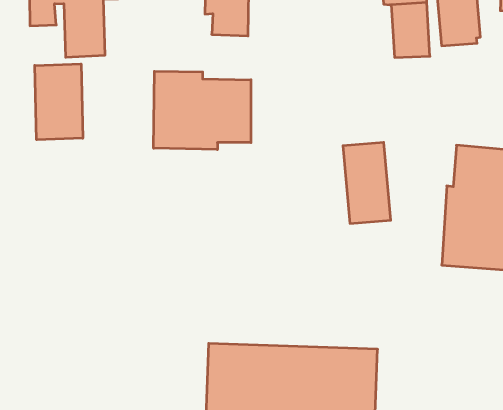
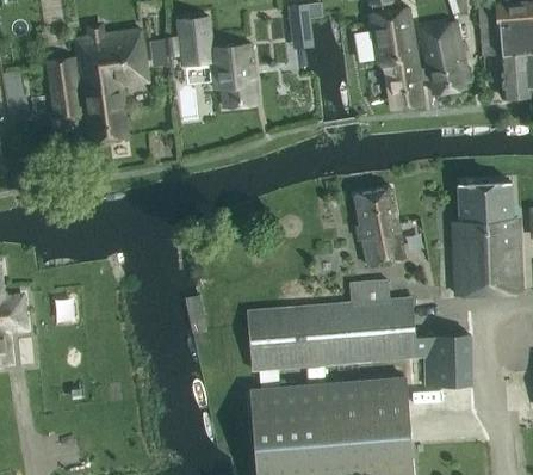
building: [35,64,83,140] -> none
building: [154,71,251,150] -> none
building: none -> [249,279,472,384]

